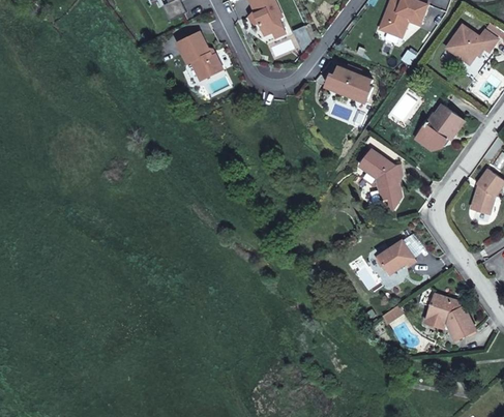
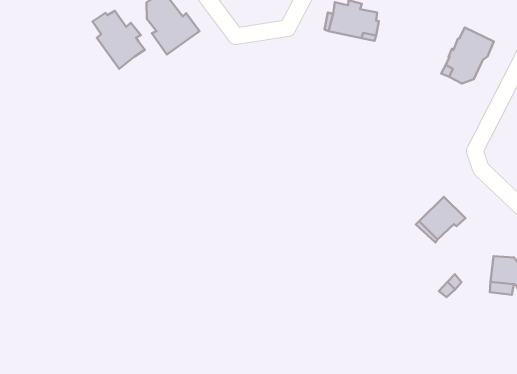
building: none -> [92,11,145,69]
building: [359,152,402,212] -> none

